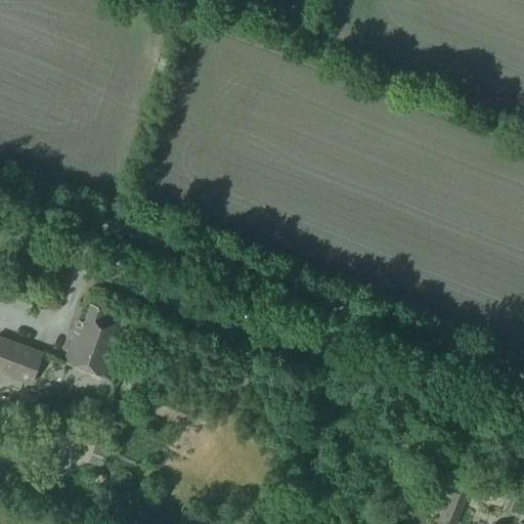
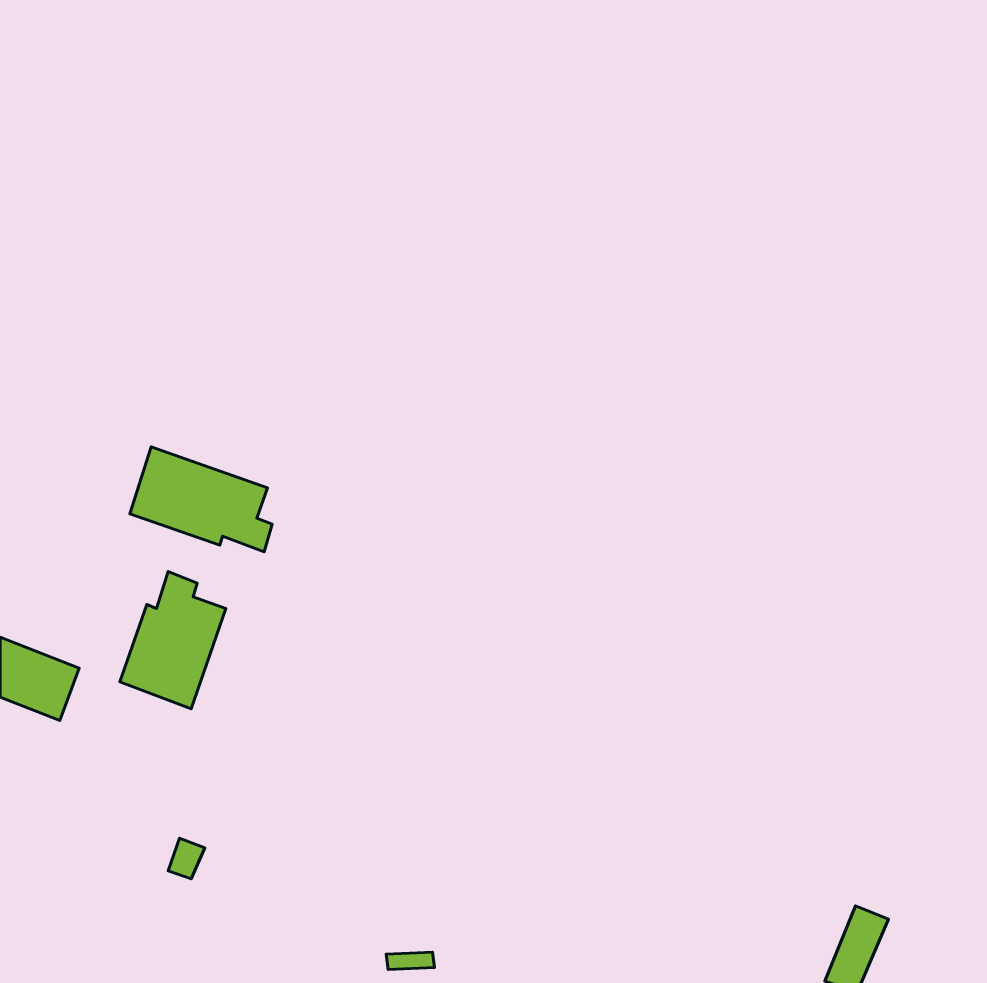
building: none -> [130,447,272,552]

